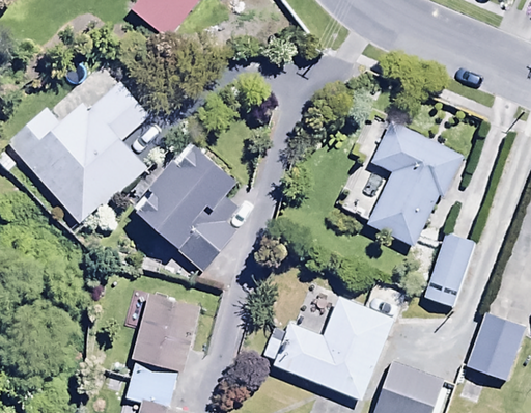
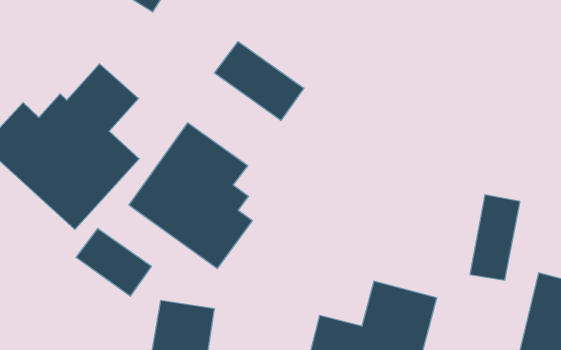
building: none -> [215,42,304,121]
building: [364,121,464,250] -> none
building: none -> [76,228,151,296]

